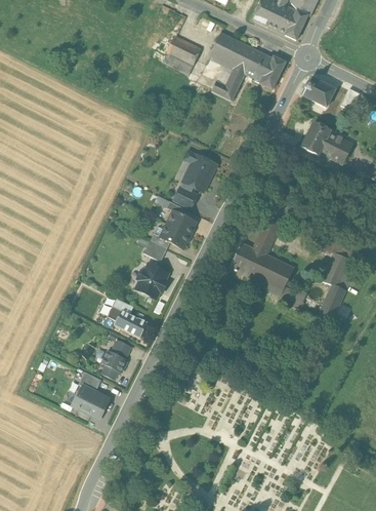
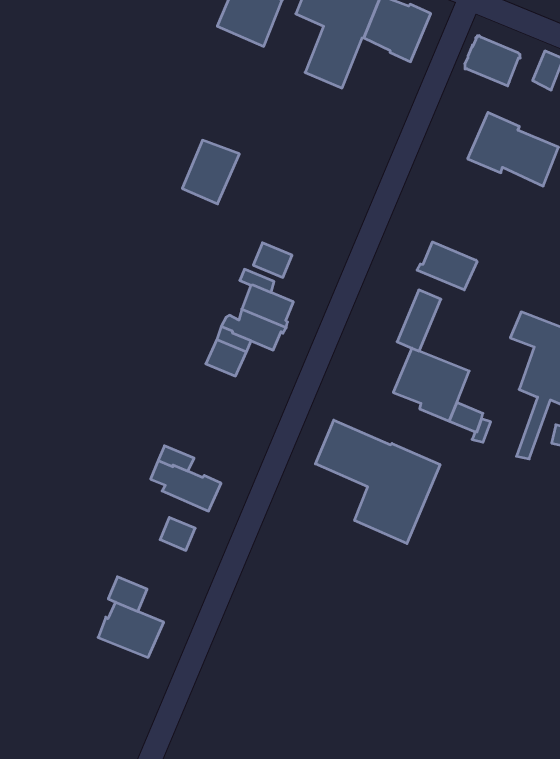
building: [182,155,216,192] -> [182,140,239,204]
building: none -> [417,242,477,290]
building: [228,242,261,277] -> none
building: [135,263,168,299] -> none
building: none -> [315,420,440,544]
building: [101,351,126,380] -> none

